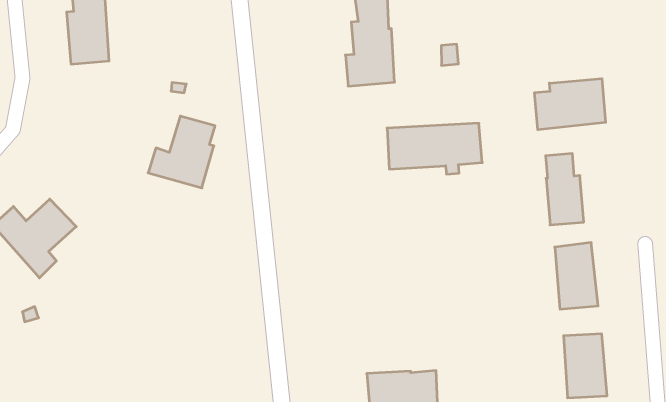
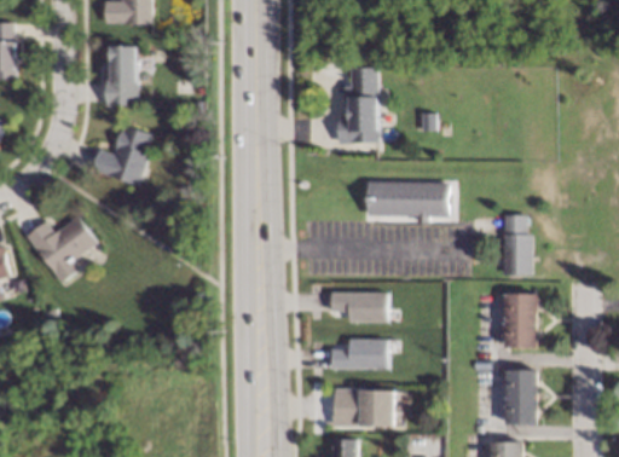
building: [535,79,606,130] -> none
building: [148,116,215,188] -> [92,122,152,185]
building: none -> [331,293,387,323]
building: none -> [331,340,387,369]

